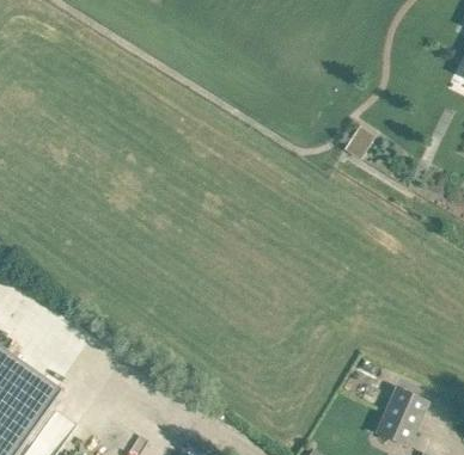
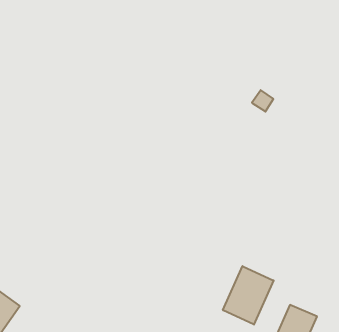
building: none -> [223,266,274,325]

